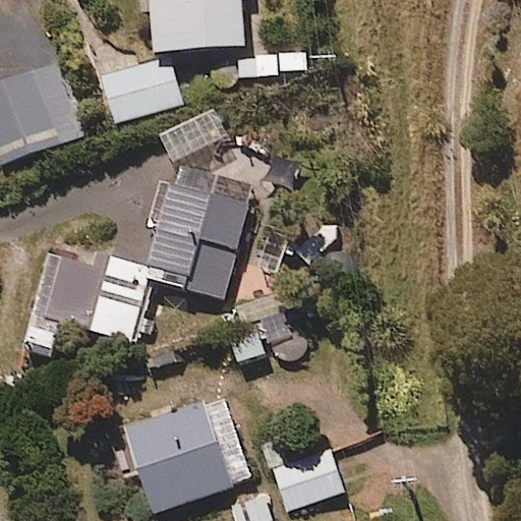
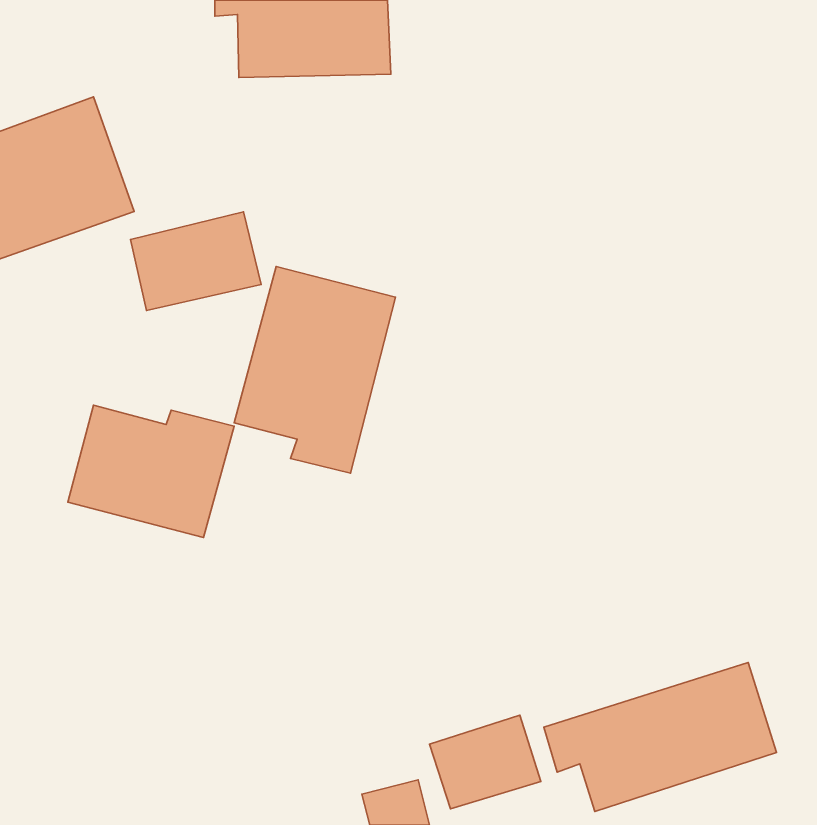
building: [97,61,179,123] -> [130,212,261,310]
building: [125,398,248,511] -> none
building: none -> [544,662,777,811]

